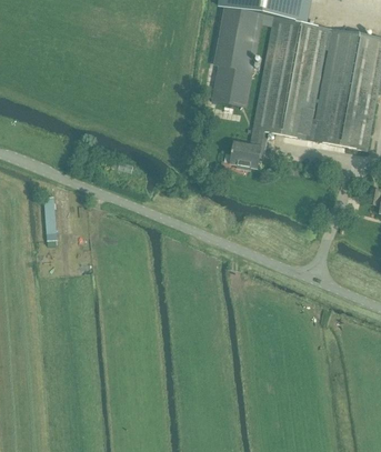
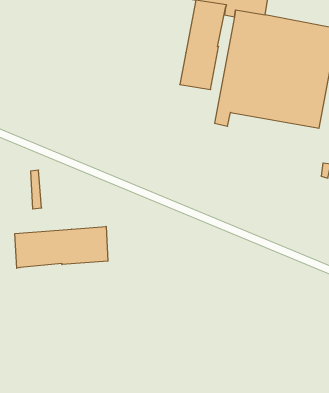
building: [230,140,264,168] -> none
building: none -> [15,226,108,268]

